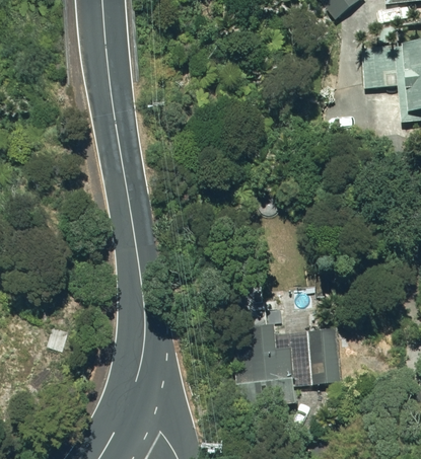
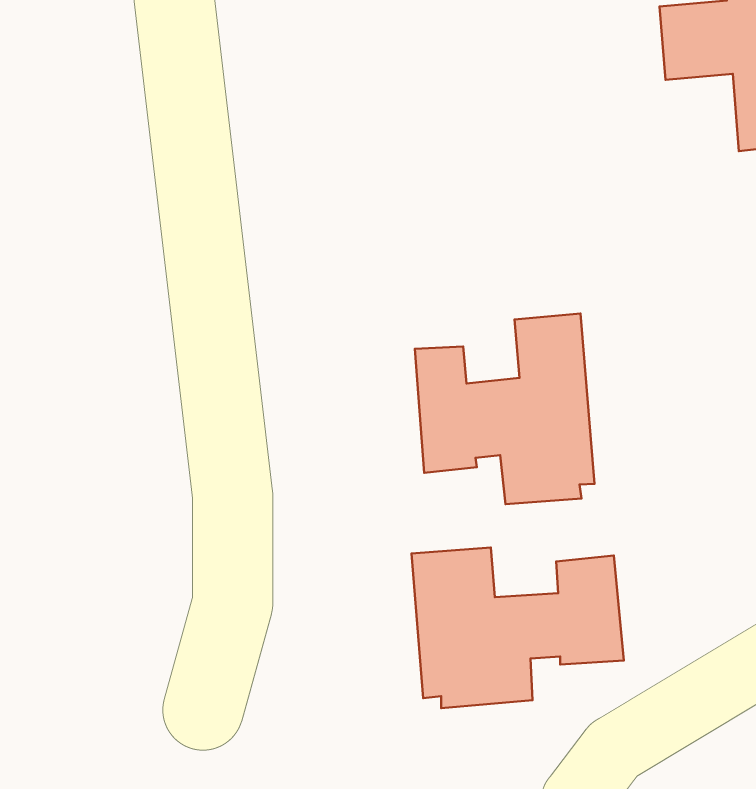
building: none -> [415,313,595,504]

